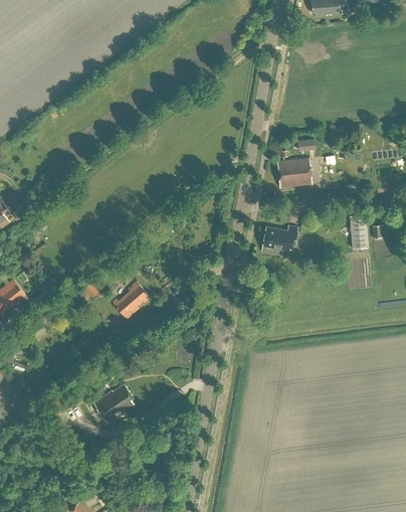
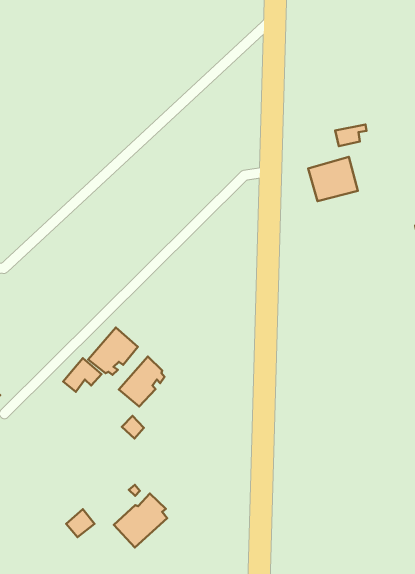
building: [262,226,298,252] -> none
building: none -> [88,327,138,375]

